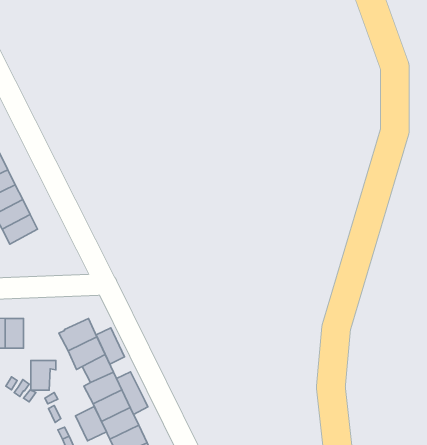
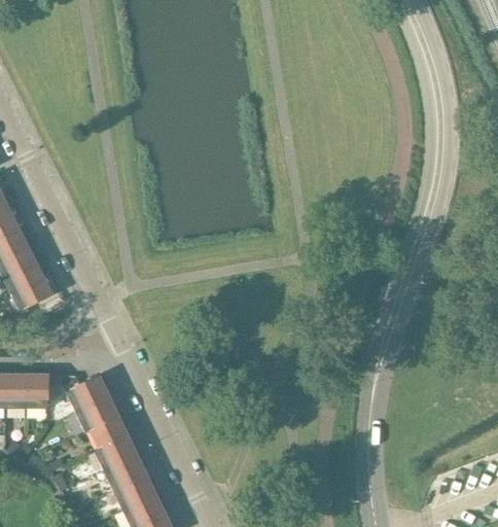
building: none -> [11,275,51,308]
building: [96,328,125,364] -> none
building: [31,360,56,390] -> [27,374,55,407]
building: [117,372,148,414] -> none
building: [75,407,106,441] -> none

